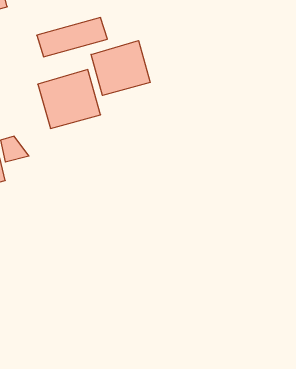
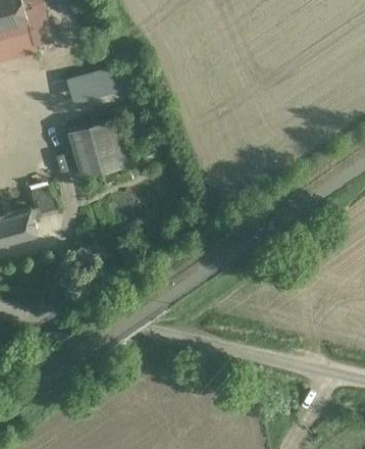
building: [91,41,150,95] -> none

